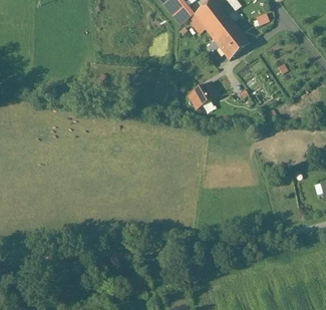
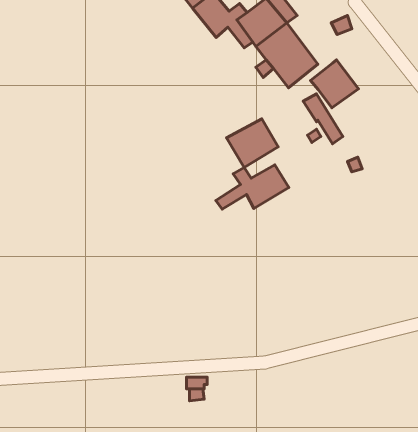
building: none -> [311,60,359,108]
building: none -> [216,165,289,209]

